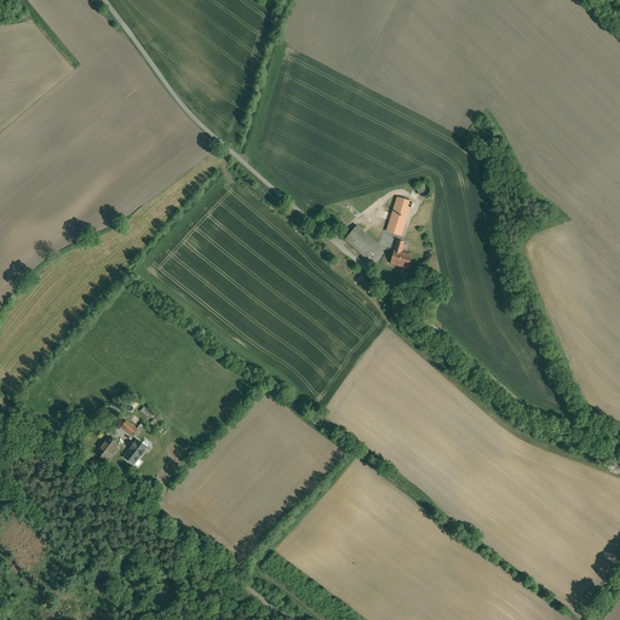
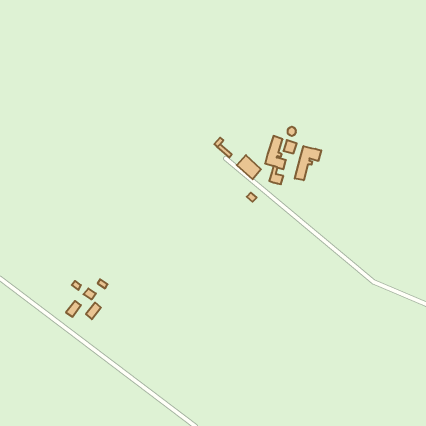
building: none -> [295,146,321,180]

